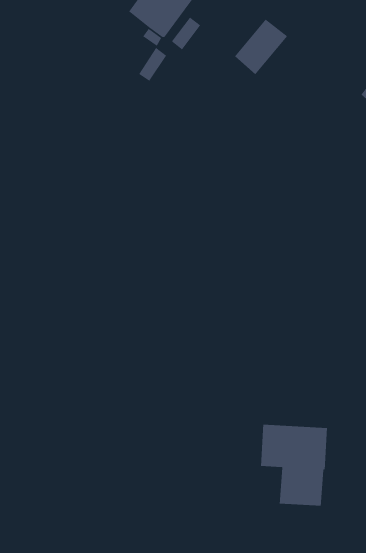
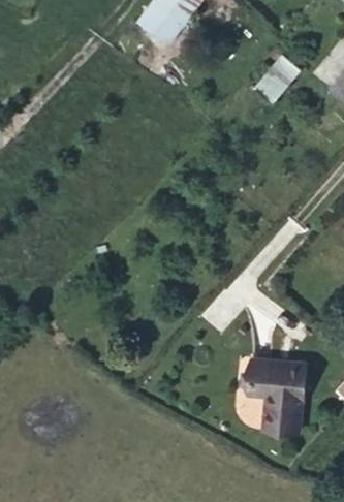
building: [234,19,288,75] -> [255,56,300,102]

